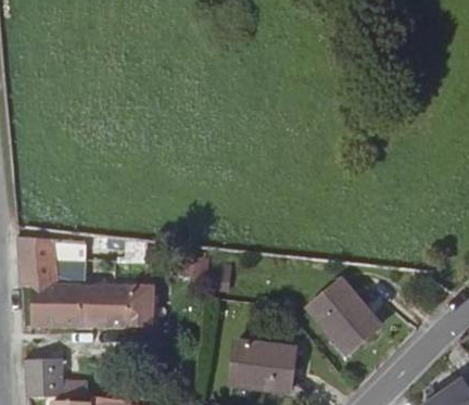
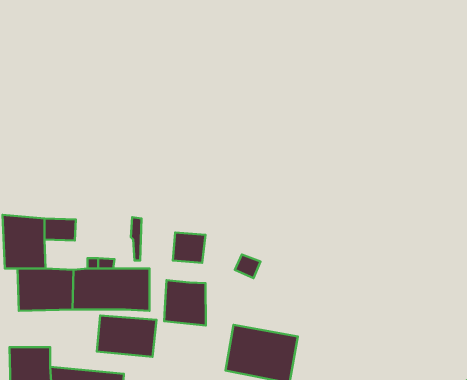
building: [307,281,380,355] -> none
building: none -> [164,280,206,326]
building: none -> [97,315,156,357]

